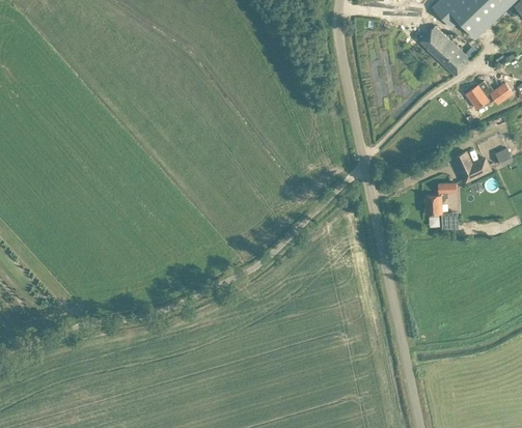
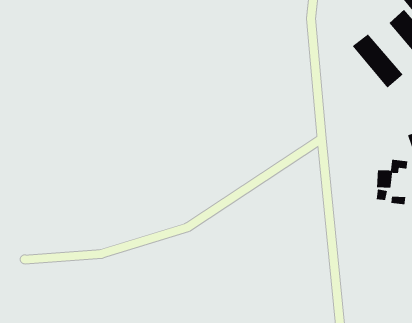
building: none -> [352,33,403,89]

